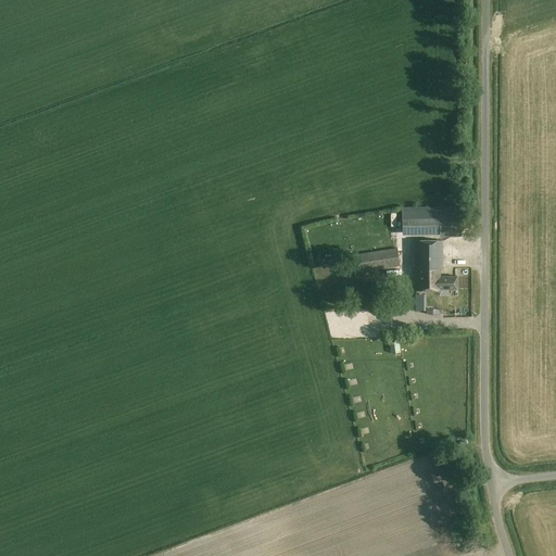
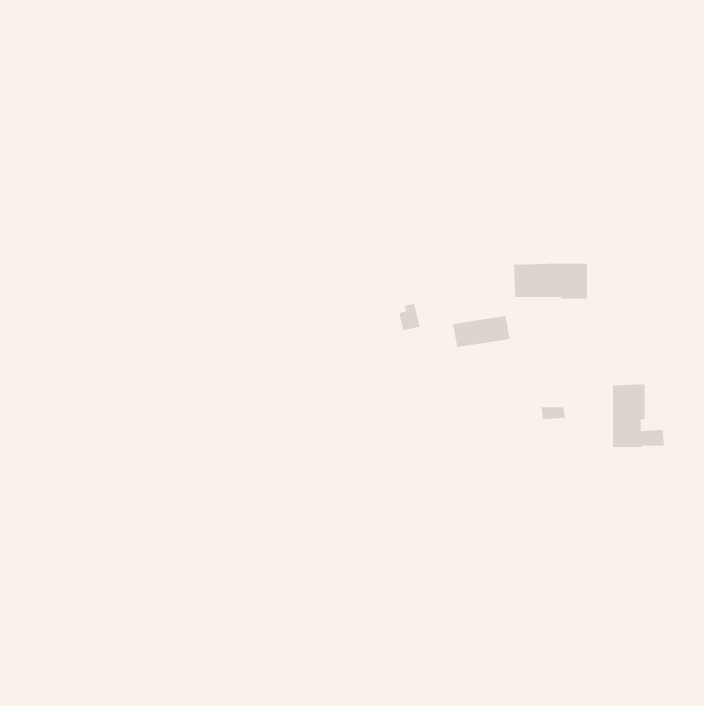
building: [418,240,459,290] -> [612,384,665,448]

